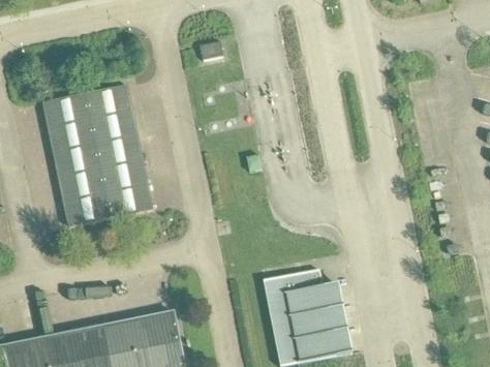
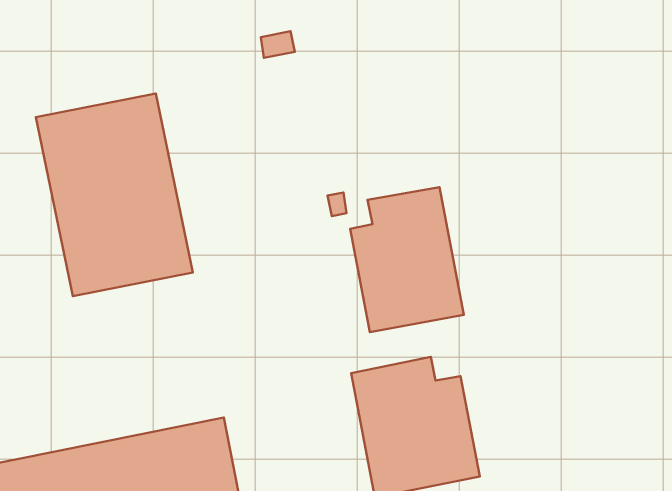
building: none -> [350,187,464,332]

